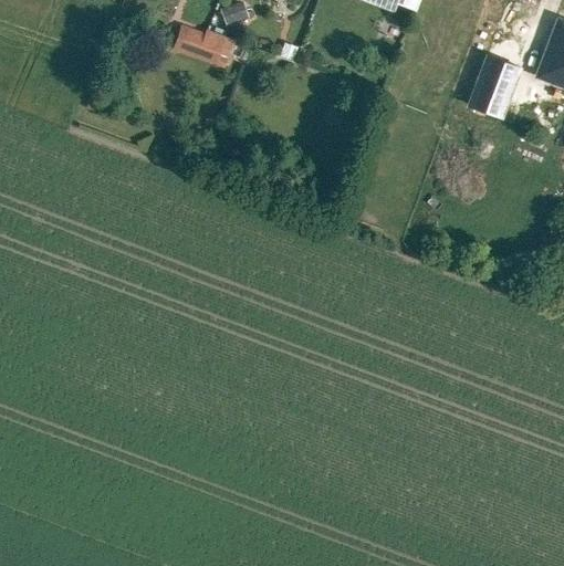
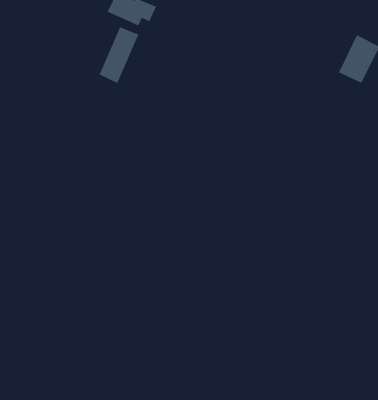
building: none -> [99,26,139,84]

